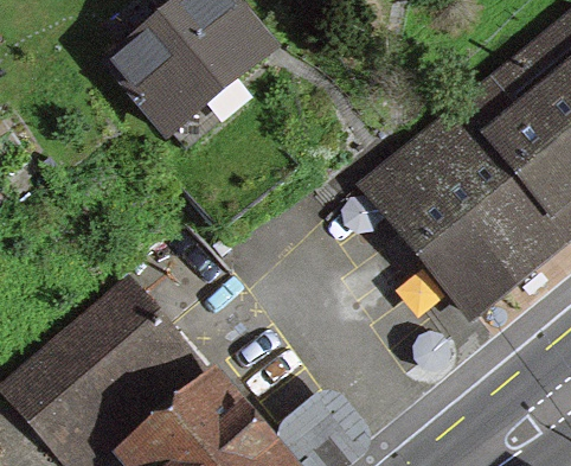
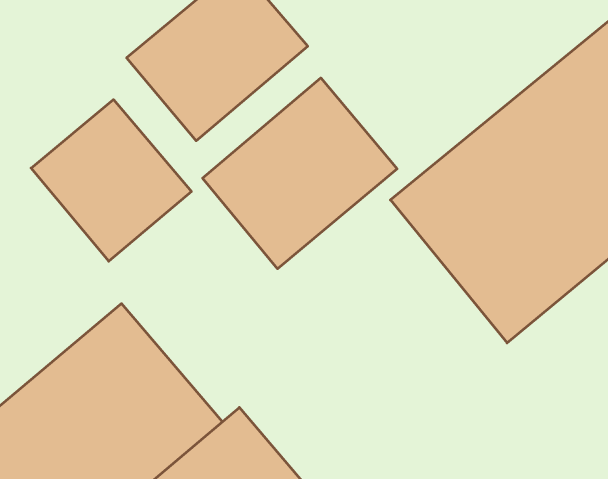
building: none -> [203,78,397,269]
building: none -> [31,100,191,261]

